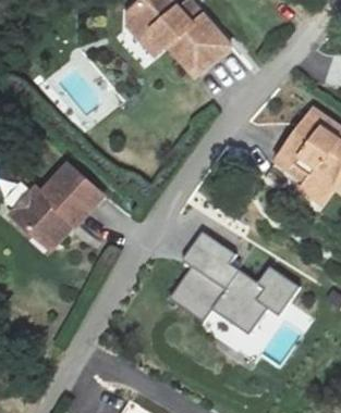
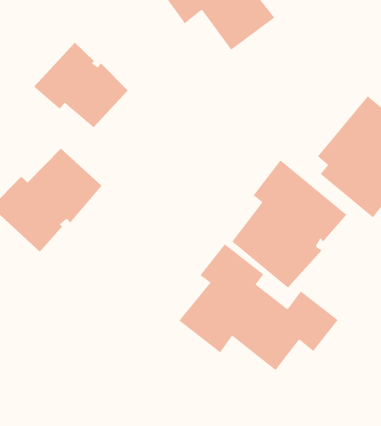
building: none -> [33,42,129,128]
building: none -> [232,159,347,288]

